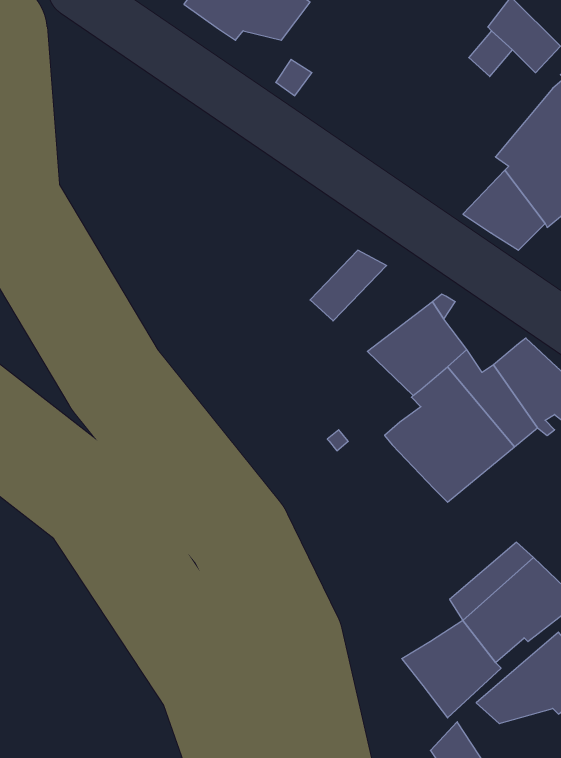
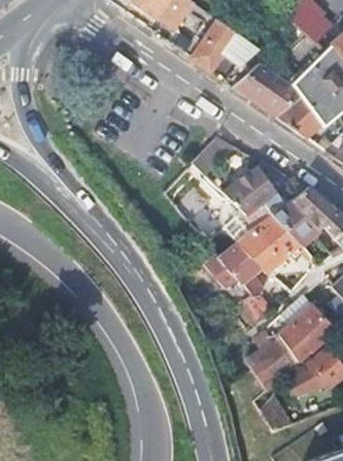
building: none -> [193,17,260,81]
building: none -> [235,67,302,119]
building: none -> [206,243,264,295]

